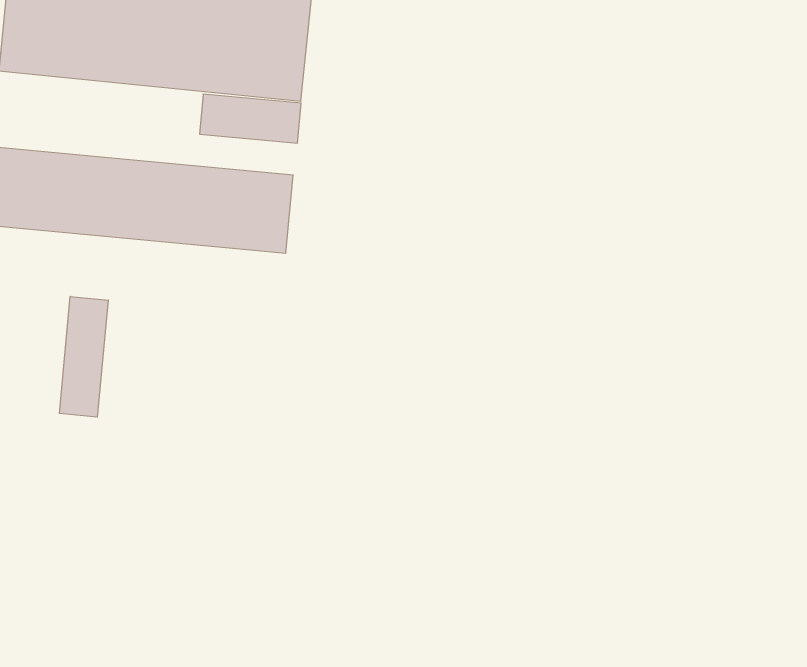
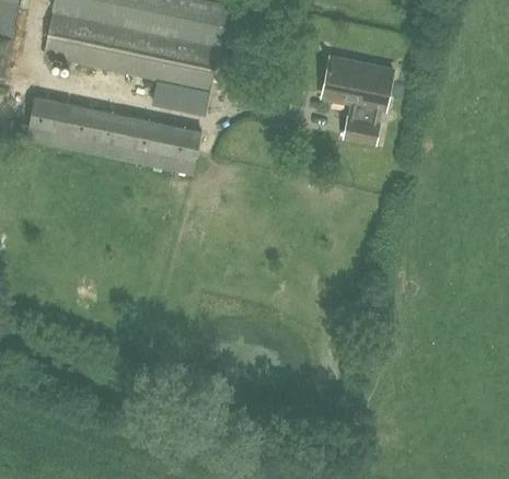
building: none -> [323,59,393,143]
building: [59,296,108,417] -> none

